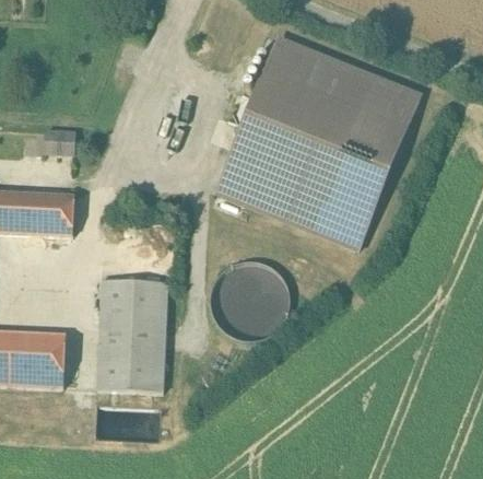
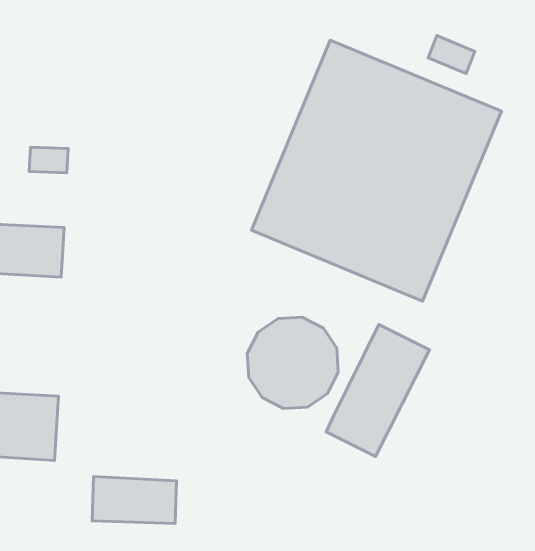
building: none -> [428,36,475,74]
building: none -> [326,325,430,457]
building: [93,277,164,387] -> none

